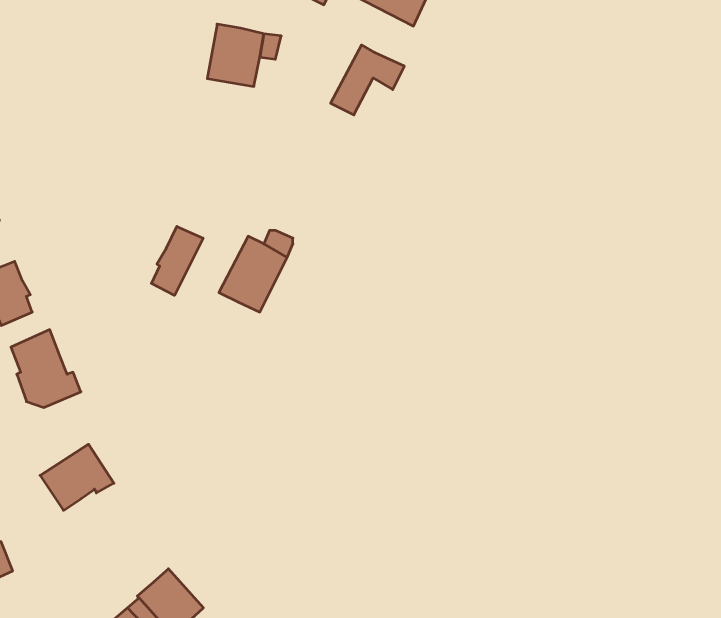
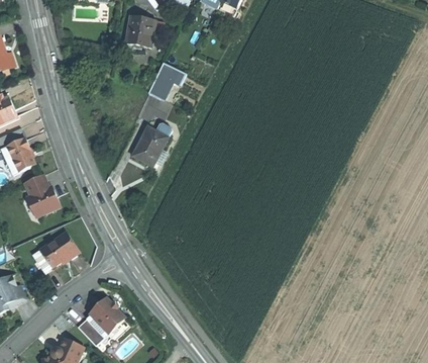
building: [331,45,404,115] -> [146,63,185,99]
building: [151,226,203,295] -> none

